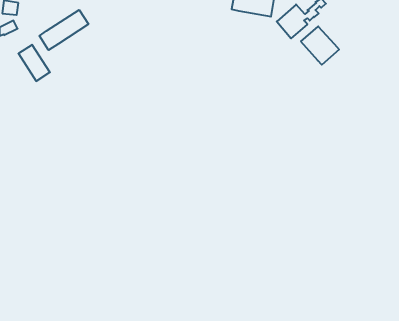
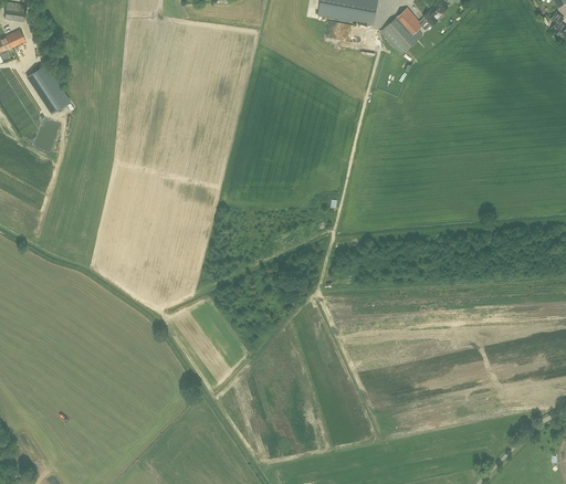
building: [39,10,88,50] -> none
building: [301,26,339,65] -> none

